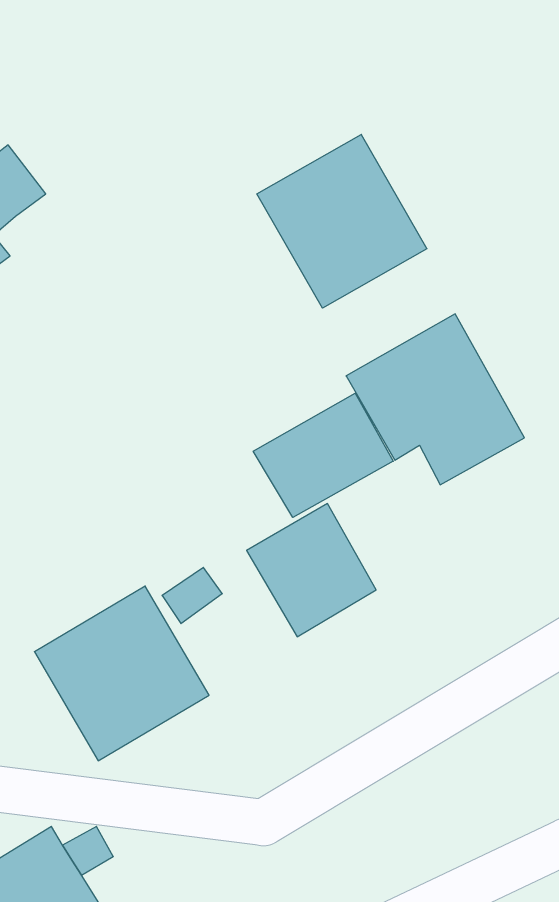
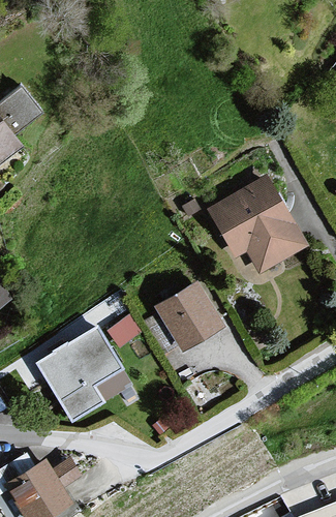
building: [257,134,427,308] -> none
building: [253,393,393,517] -> none

